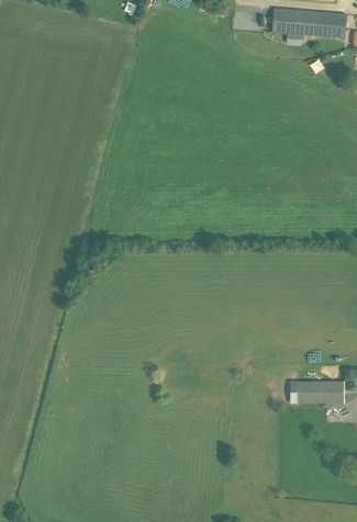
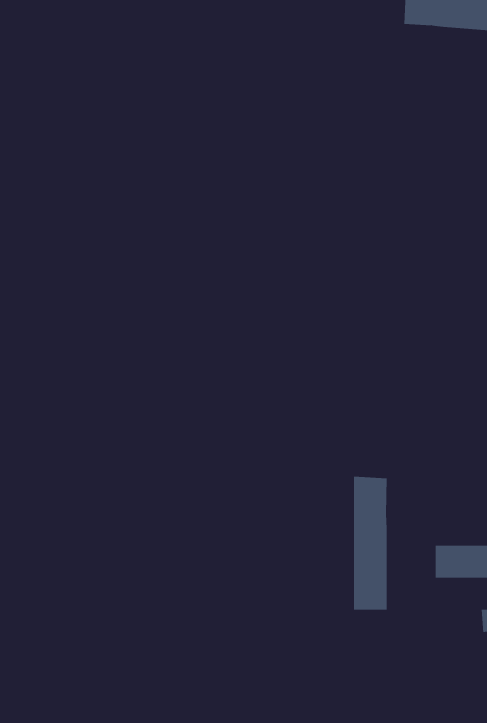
building: none -> [353,476,387,610]

